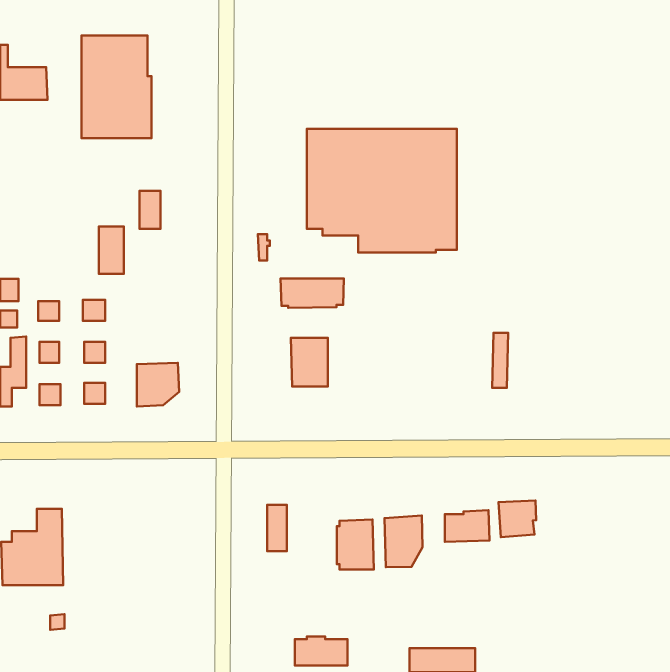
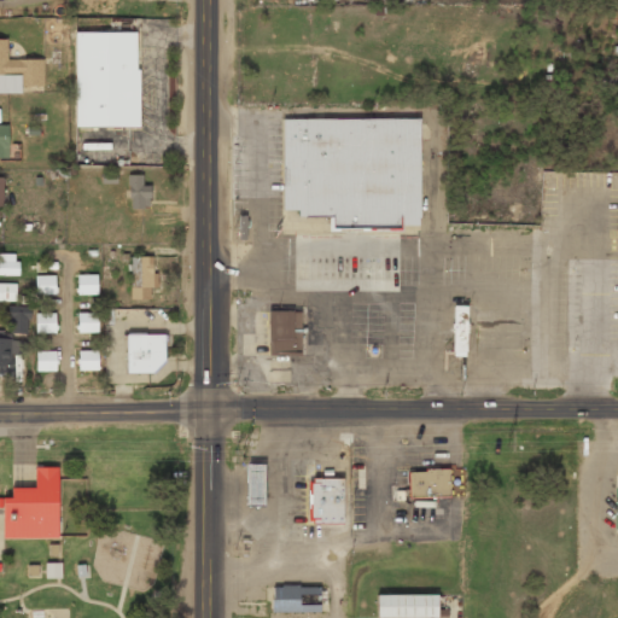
building: [99,226,124,274] -> [133,257,156,301]
building: [280,279,344,308] -> none
building: [499,501,536,537] -> none
building: [385,516,422,567] -> none

